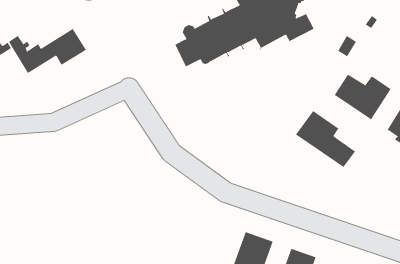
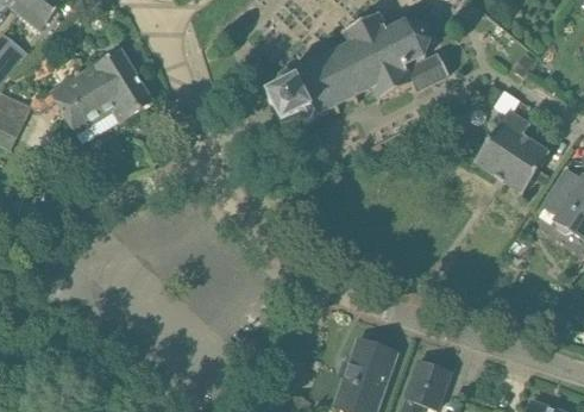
building: none -> [63,46,134,101]
building: none -> [491,107,529,145]
building: [295,110,356,168] -> none

